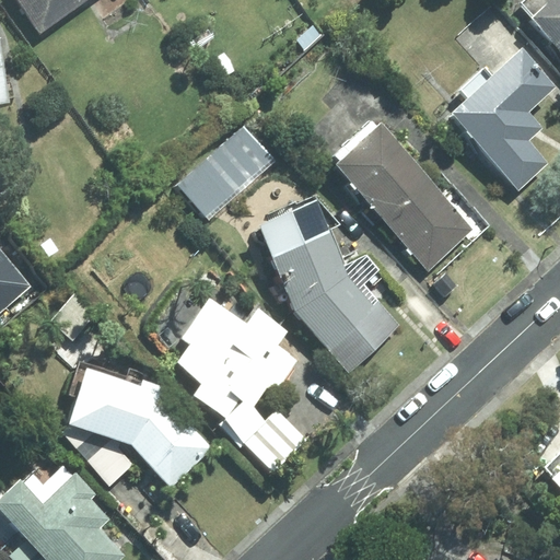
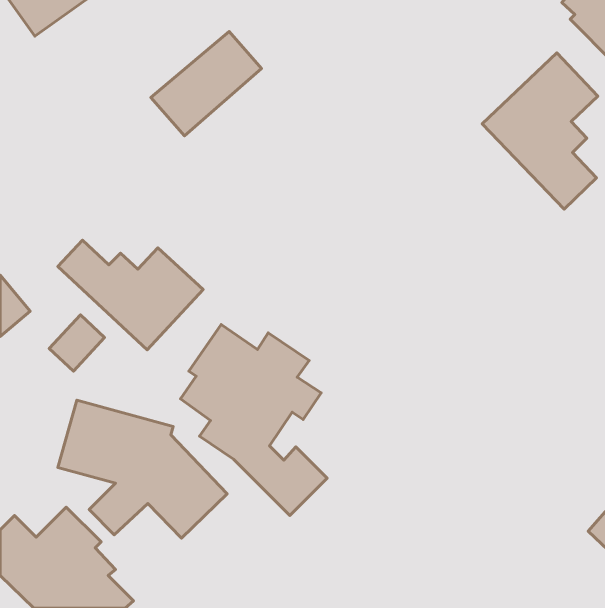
building: [330,117,477,271] -> none
building: [177,124,278,219] -> [151,31,262,136]
building: [253,199,402,373] -> none
building: none -> [58,240,203,350]

